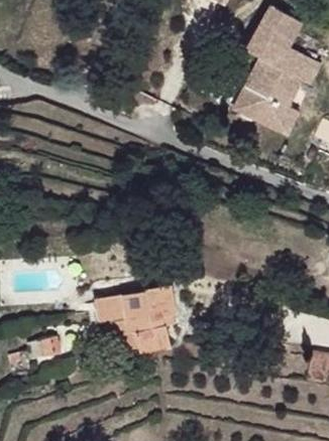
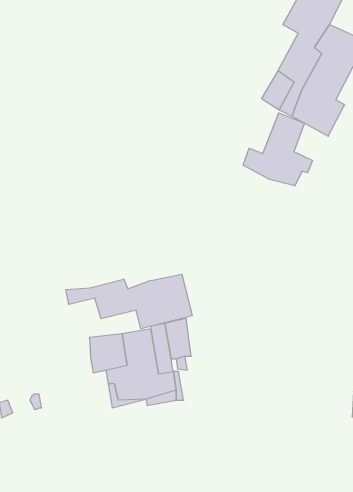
building: none -> [243,113,313,186]
building: none -> [66,274,192,329]

